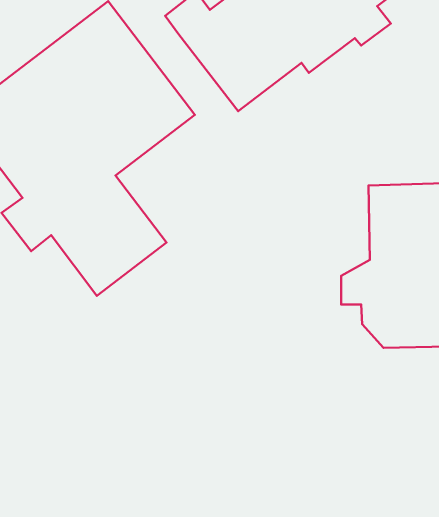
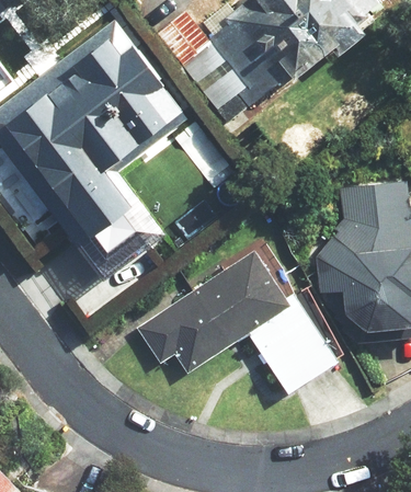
building: none -> [138,262,341,393]

